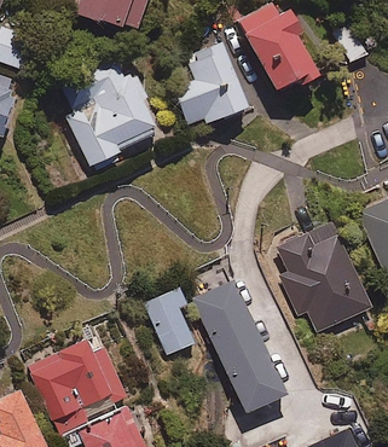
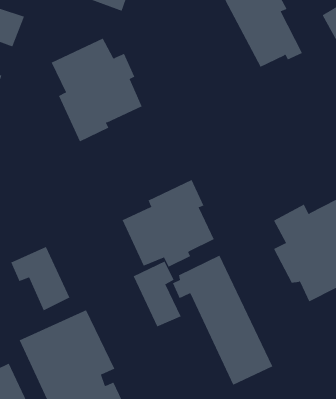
building: [173,43,247,126] -> none
building: none -> [122,179,214,268]
building: none -> [11,246,70,311]

